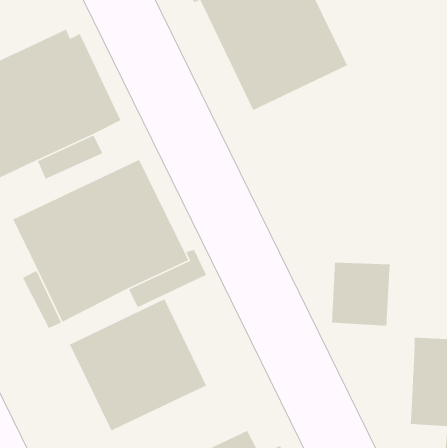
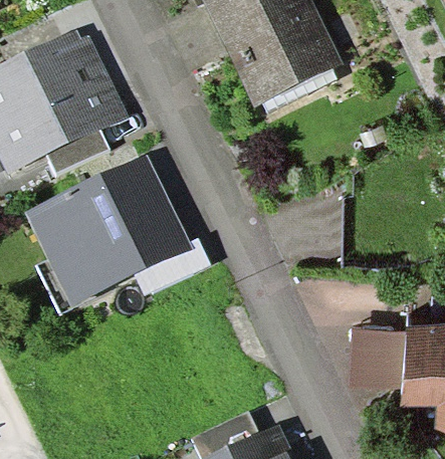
building: [331,262,390,326] -> [350,328,406,390]
building: [69,298,207,432] -> none

